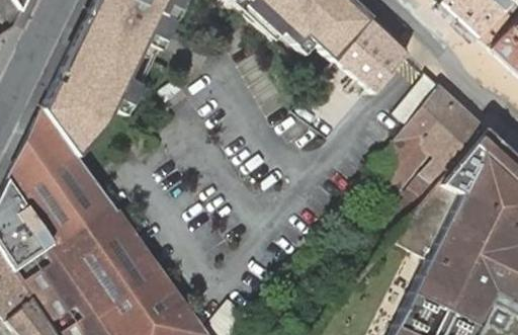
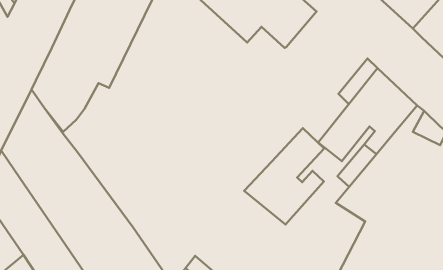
building: [327,18,408,92] -> none
building: none -> [244,128,324,224]

